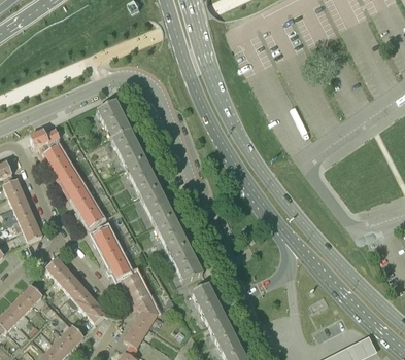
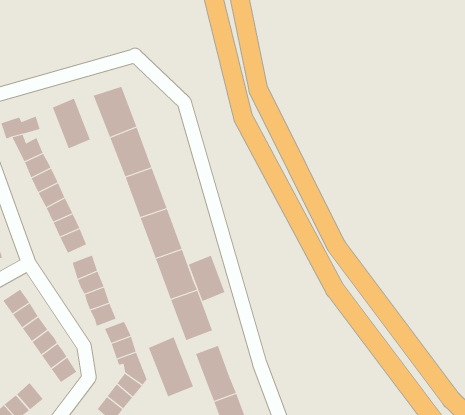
building: none -> [52,98,91,149]
building: none -> [188,255,225,302]
building: none -> [148,336,196,397]

